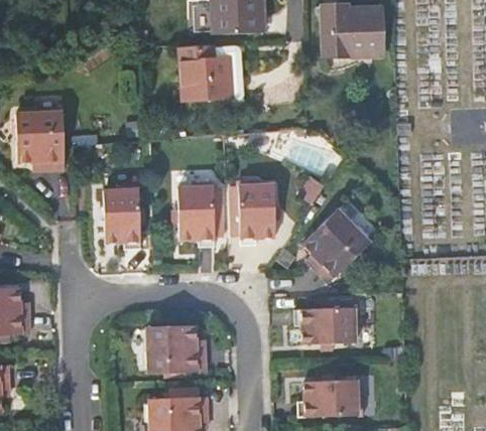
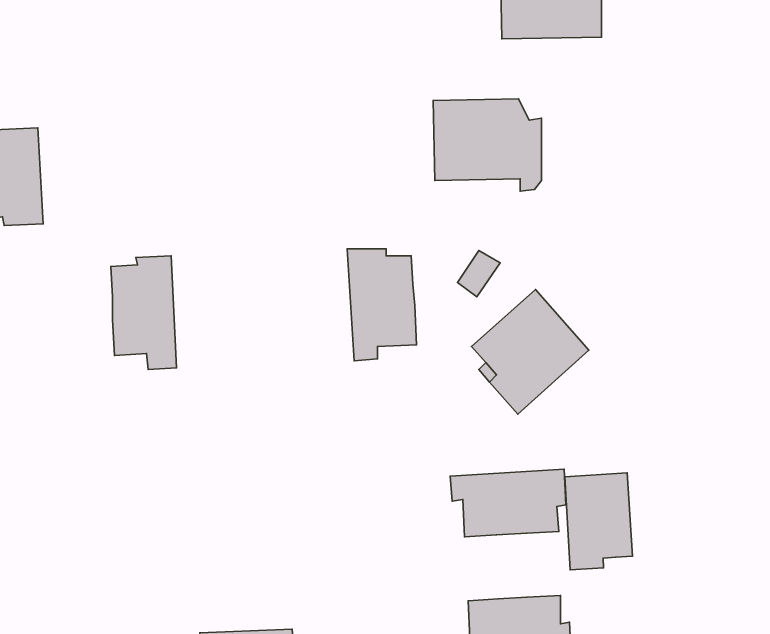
building: [178,54,240,107] -> [433,99,542,191]
building: [174,181,215,246] -> none
building: none -> [565,473,632,570]
building: [148,324,205,373] -> none

